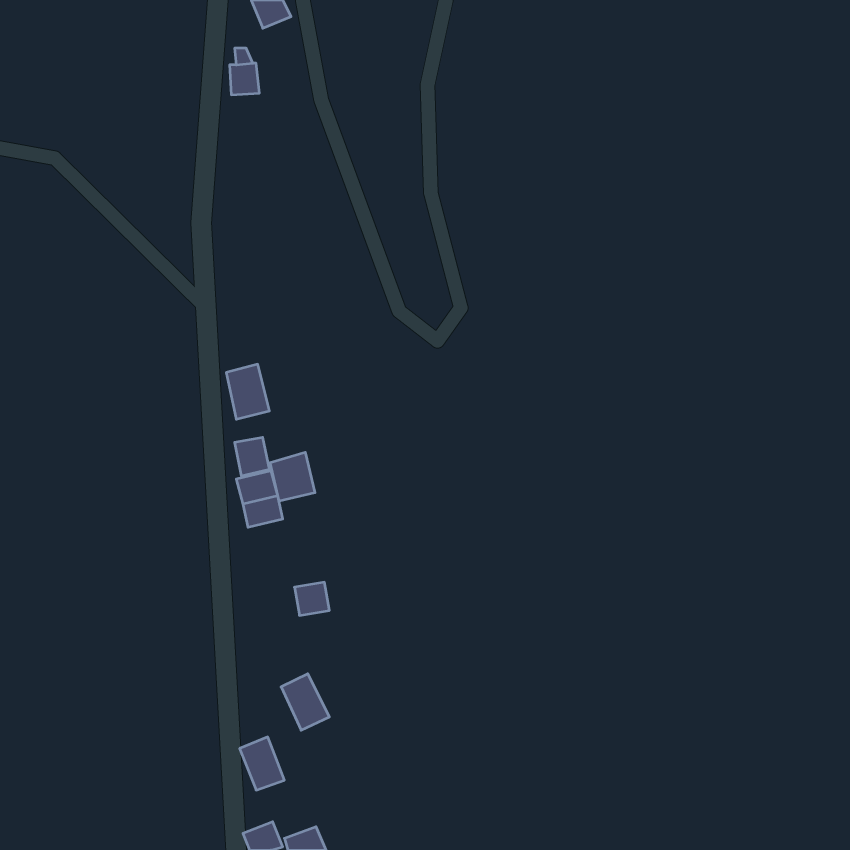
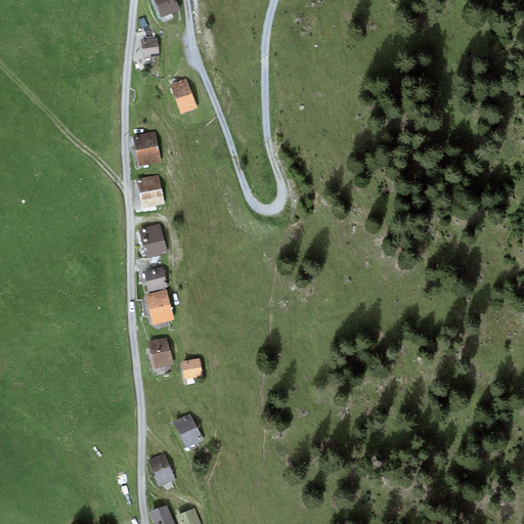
building: none -> [170,79,196,115]
building: none -> [133,132,161,166]
building: none -> [136,176,164,208]
building: [270,452,315,501] -> none
building: none -> [147,338,172,368]

